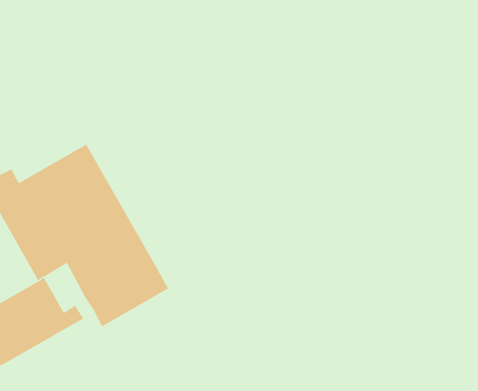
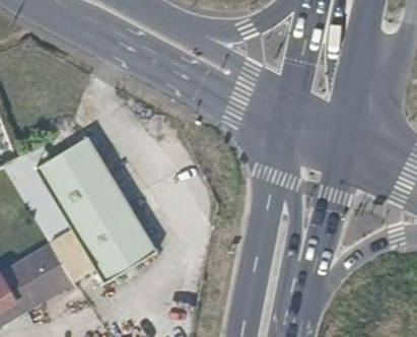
building: none -> [53,231,93,276]

